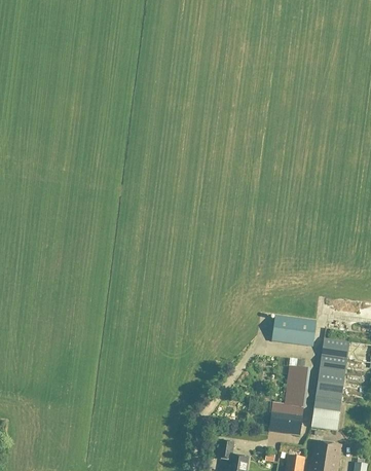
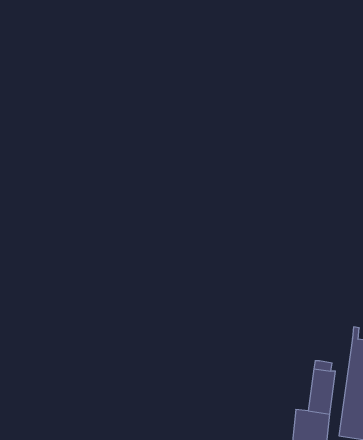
building: [271,314,316,346] -> none

